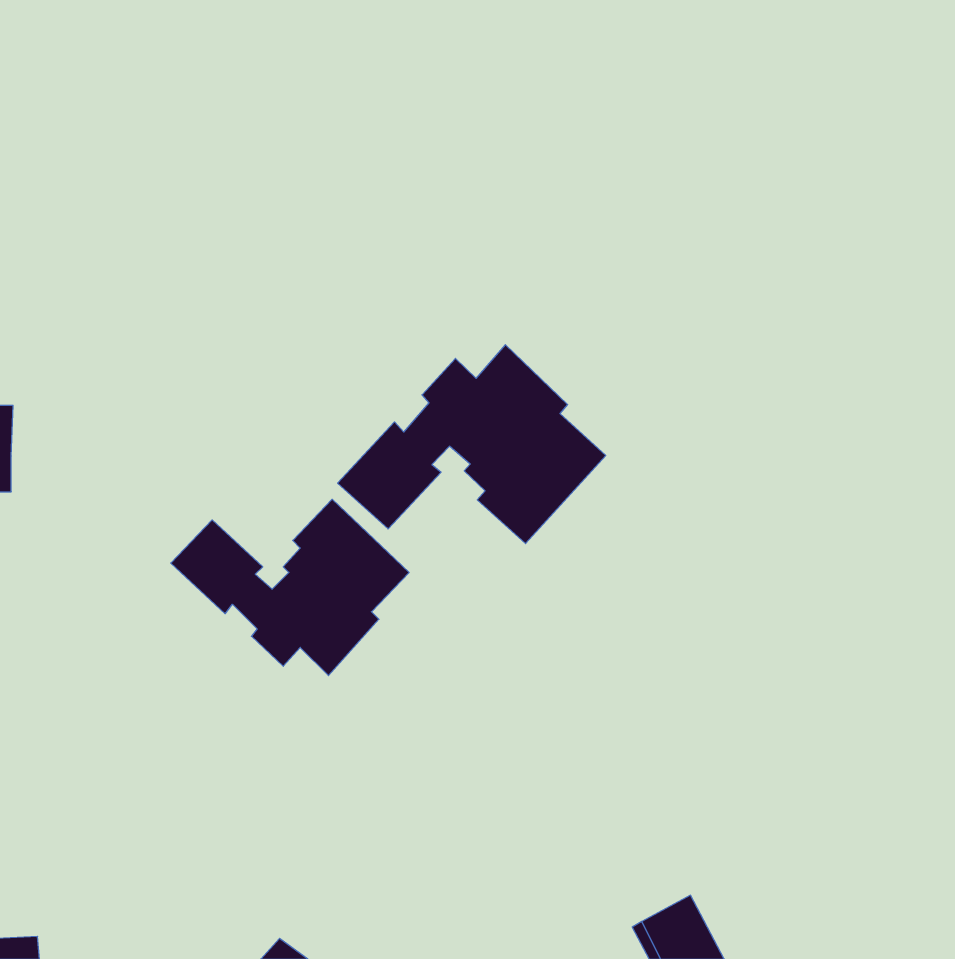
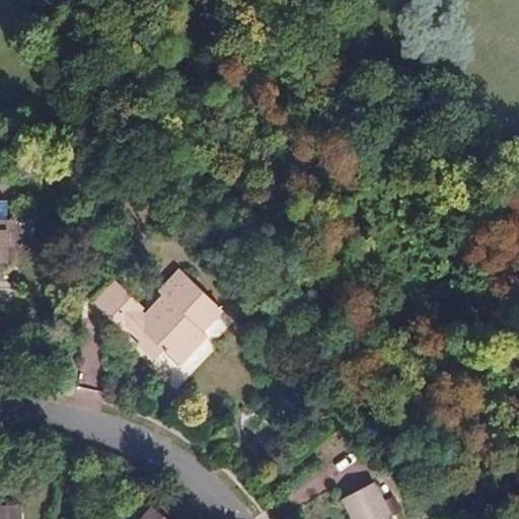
building: [338,345,606,544] -> none

